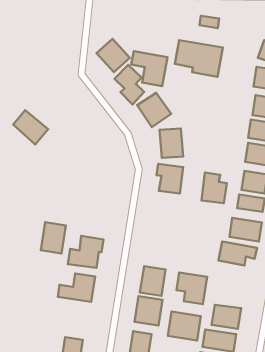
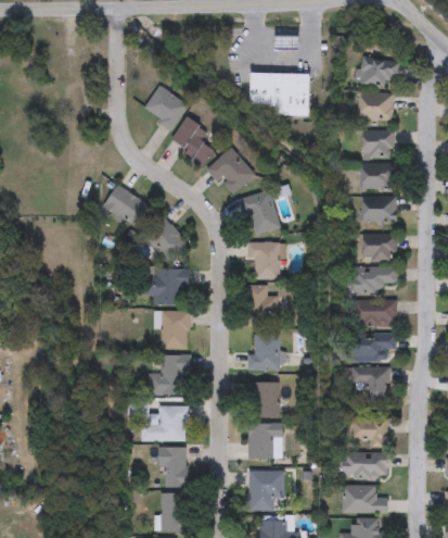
building: [131,51,168,86] -> none
building: [13,110,48,144] -> [104,184,152,227]
building: none -> [142,214,188,261]
building: none -> [153,267,187,303]
building: [201,172,227,203] -> [247,285,279,323]
building: [41,222,66,253] -> [161,310,189,348]
building: none -> [248,333,279,368]
building: [176,273,207,304] -> [350,366,388,403]
building: none -> [157,447,187,486]
building: [168,312,201,340] -> none

